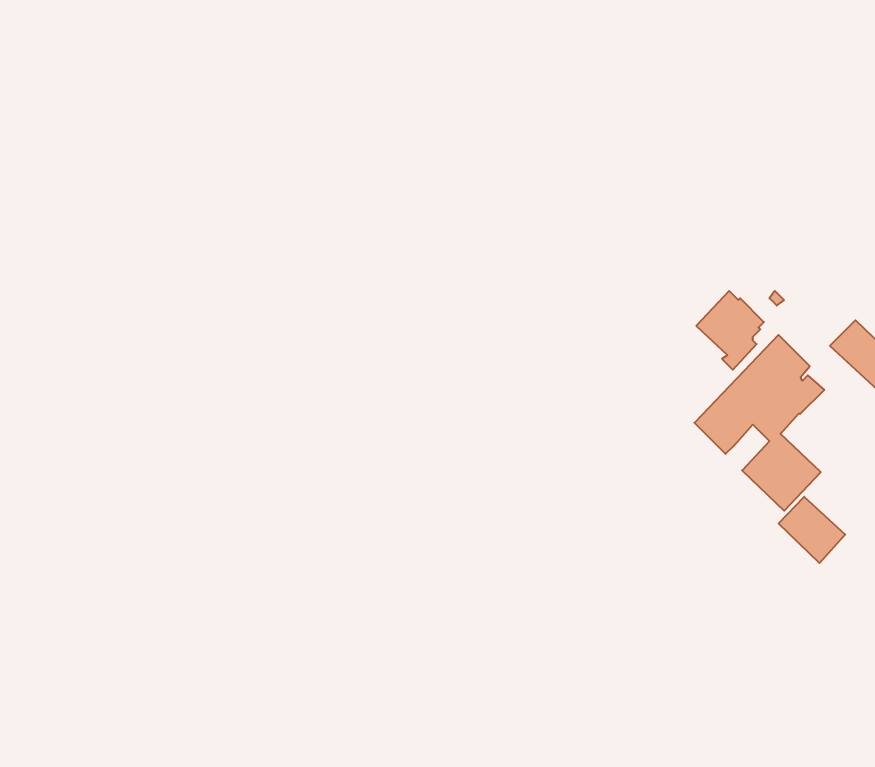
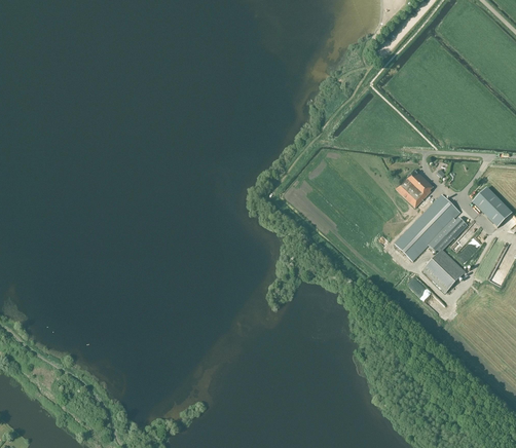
building: [779,497,845,563] -> none

